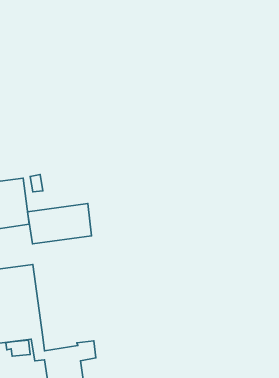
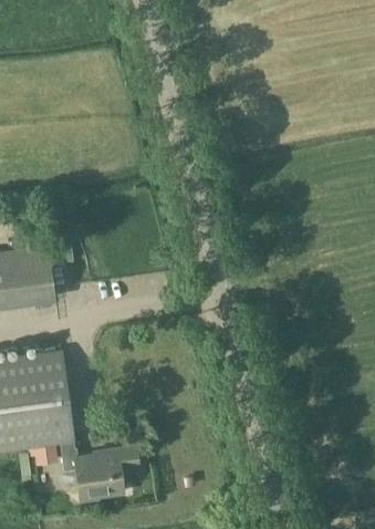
building: [28,204,92,244] -> none

